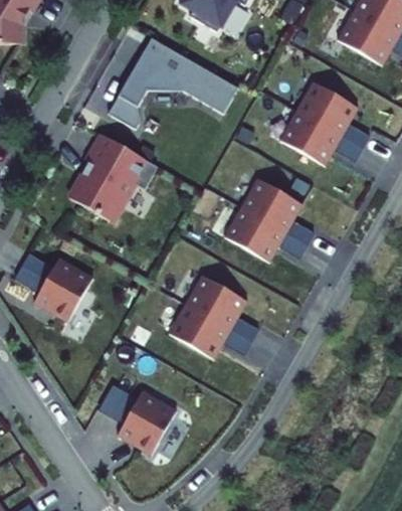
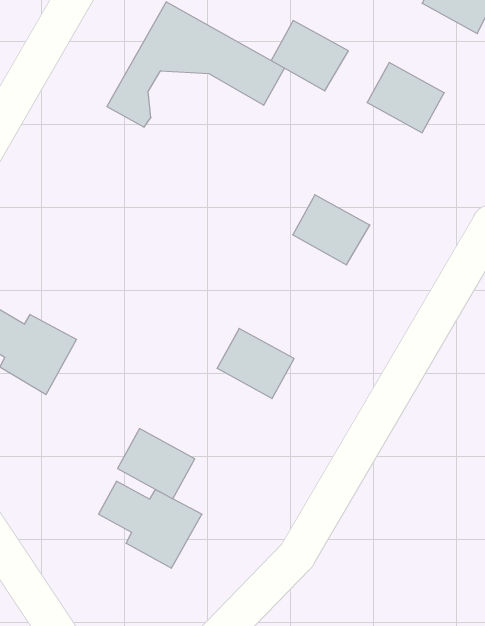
building: [281,110,338,161] -> [271,21,348,91]
building: [69,133,158,218] -> none
building: [226,206,282,258] -> none
building: [172,304,228,355] -> [118,429,195,499]

